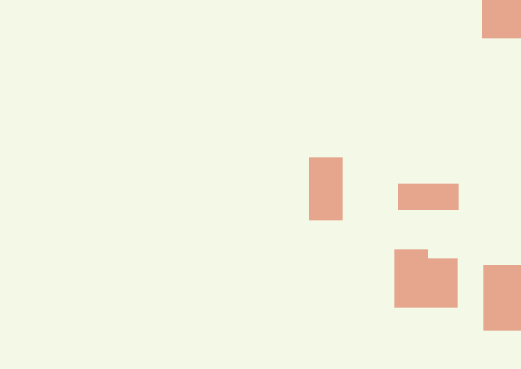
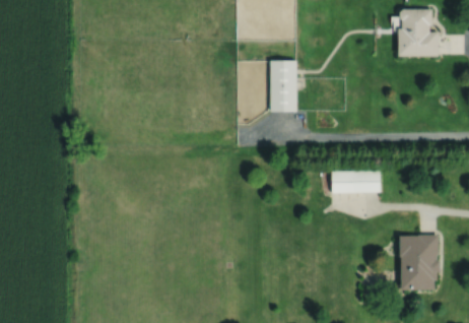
building: [308,156,344,221] -> [269,60,297,112]
building: [393,249,459,309] -> none

